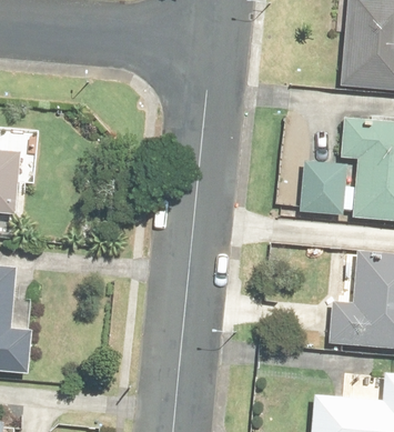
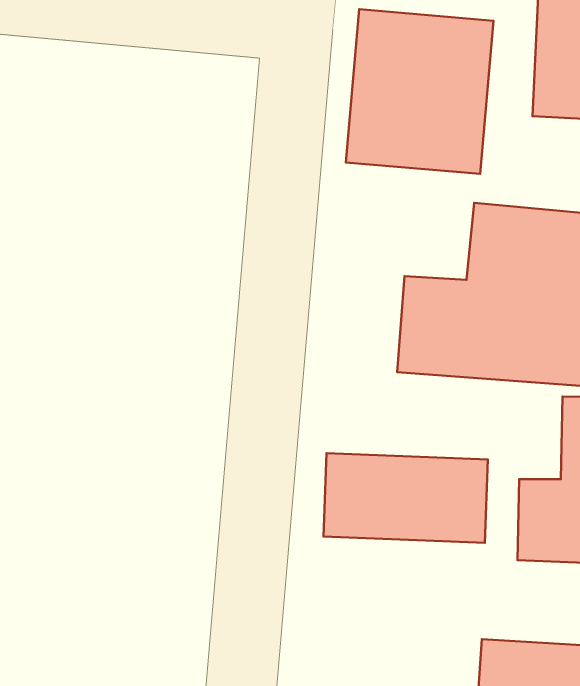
building: none -> [346,9,494,174]
building: none -> [324,453,488,543]

